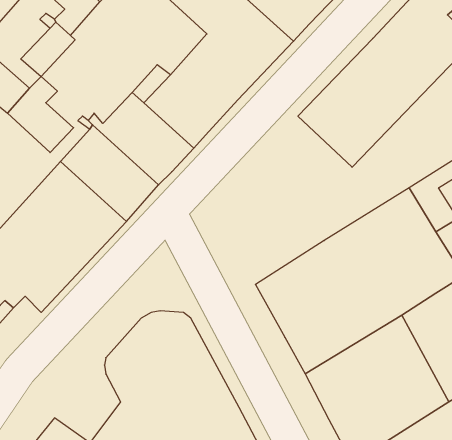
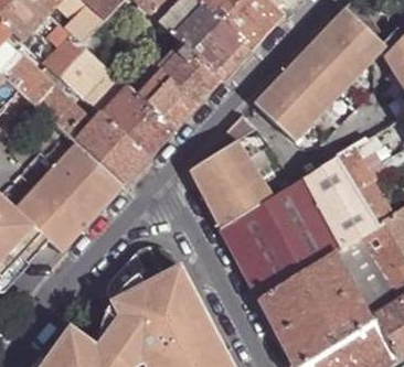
building: none -> [61,47,108,96]
building: none -> [190,117,274,231]

